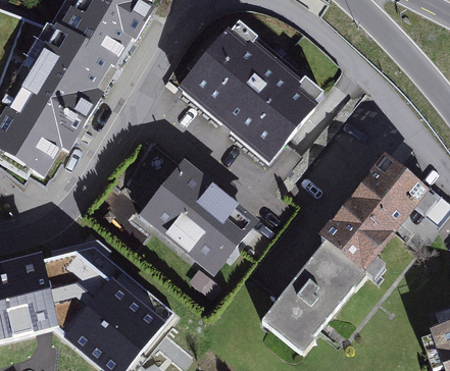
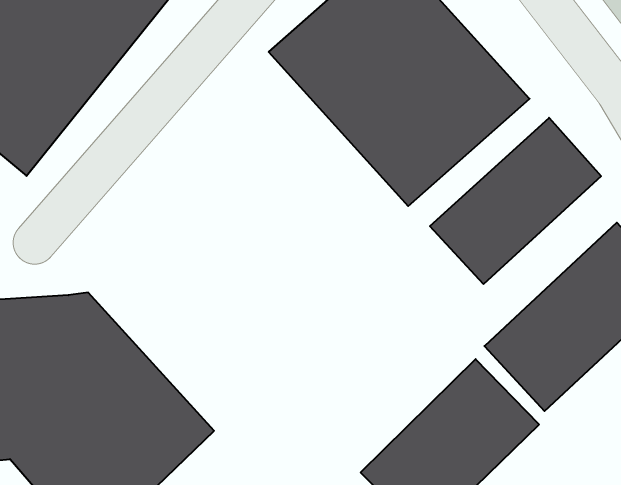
building: none -> [430,118,601,284]
building: [135,164,258,283] -> none

